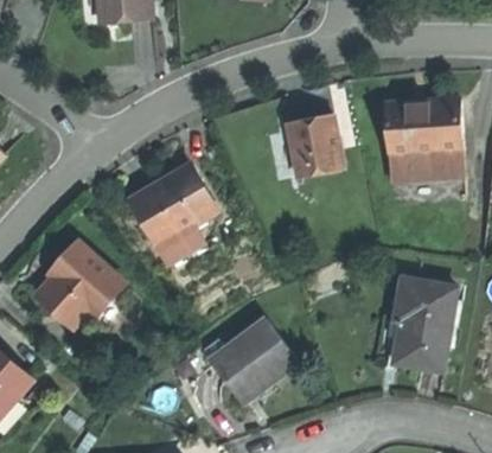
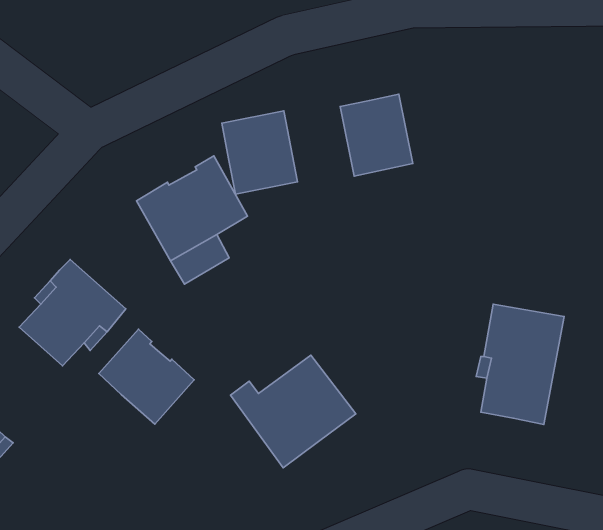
building: [383,102,461,184] -> none
building: none -> [222,111,298,194]
building: none -> [99,329,194,424]

